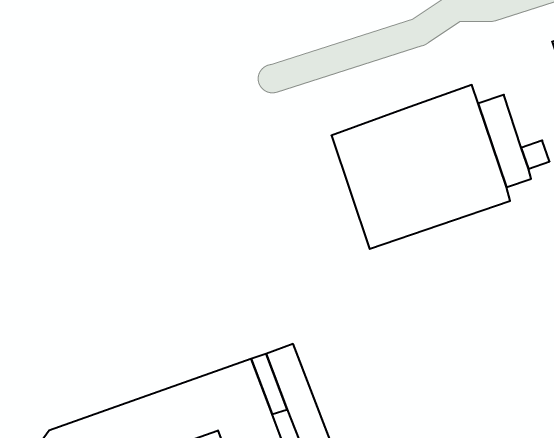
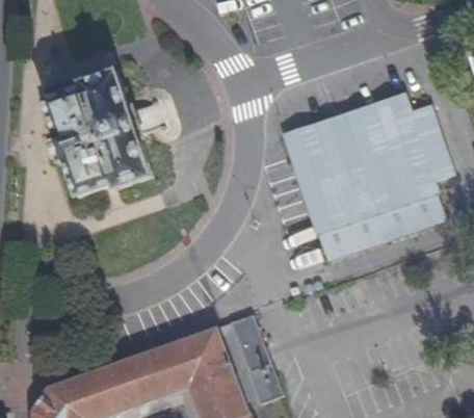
building: none -> [42,67,152,197]
building: none -> [317,193,445,259]

